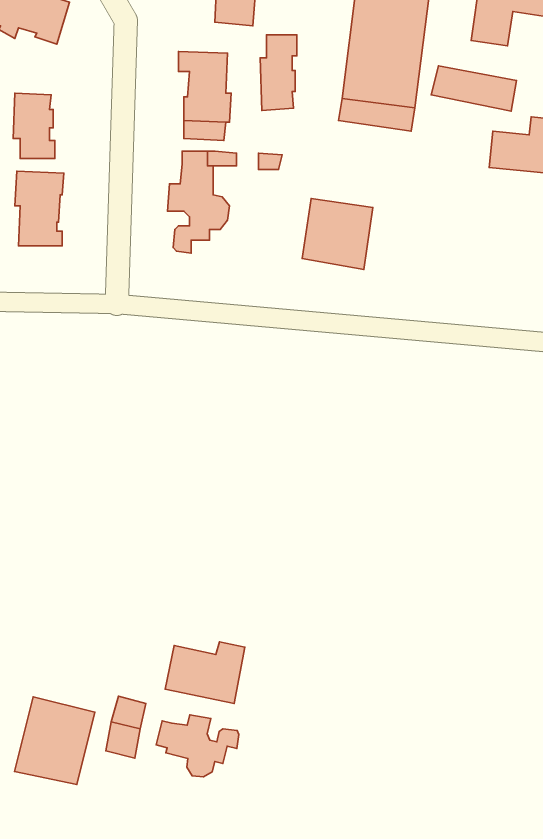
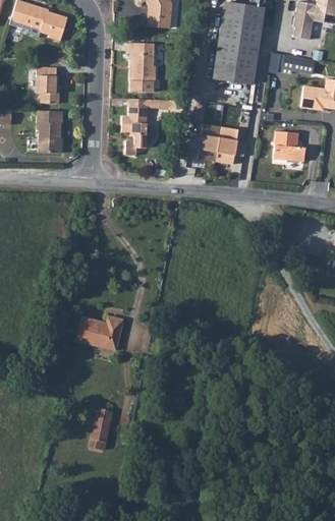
building: [260,35,297,110] -> none
building: none -> [274,131,305,161]
building: [165,642,245,704] -> [75,312,120,347]
building: [15,697,95,785] -> none
building: [156,715,239,777] -> none

